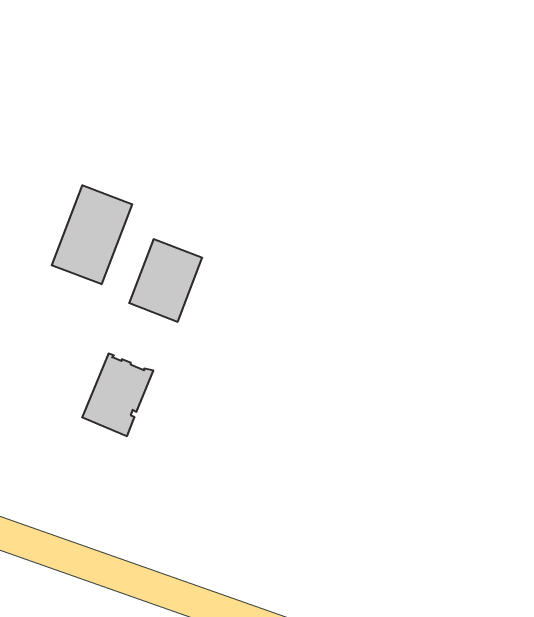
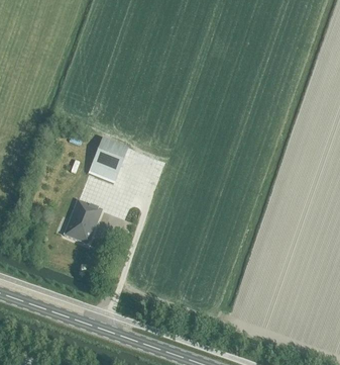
building: [52,185,132,284] -> none

